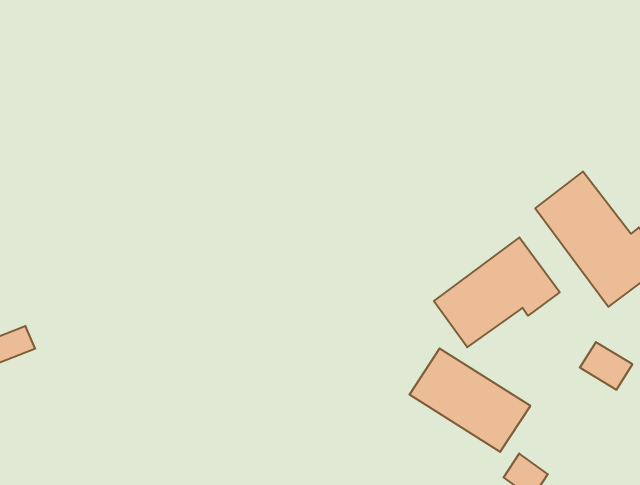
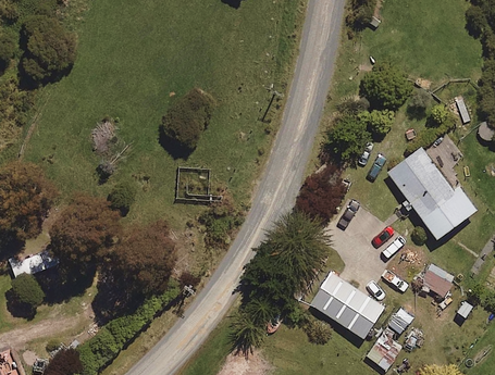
building: [434,237,560,347] -> none

